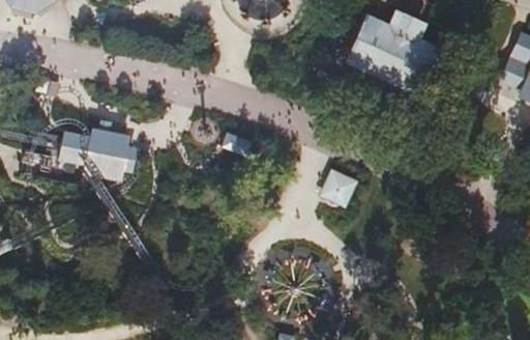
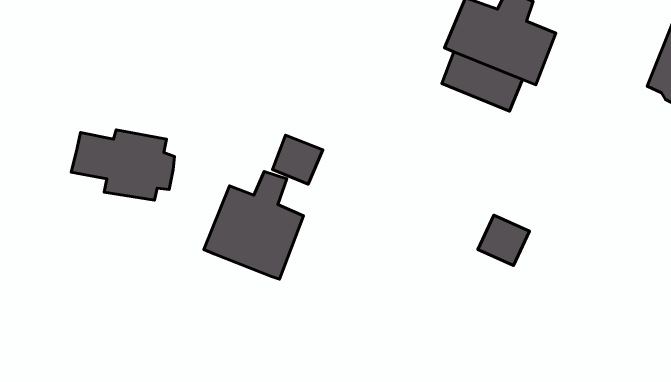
building: none -> [204,172,304,279]
building: [319,166,359,205] -> [478,215,530,265]

